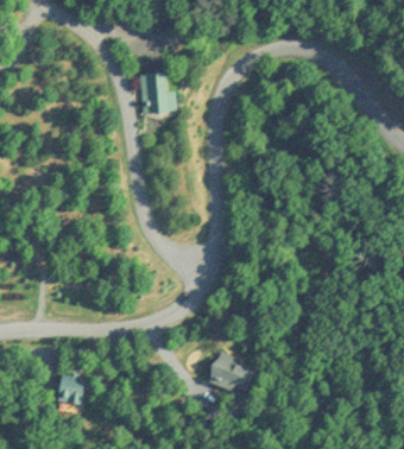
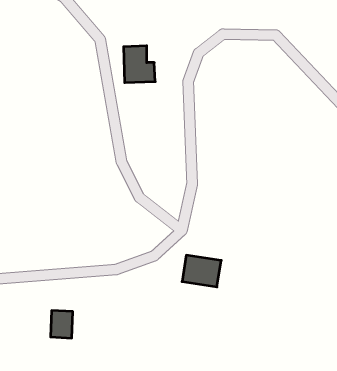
building: [209,355,253,391] -> [182,255,221,287]

